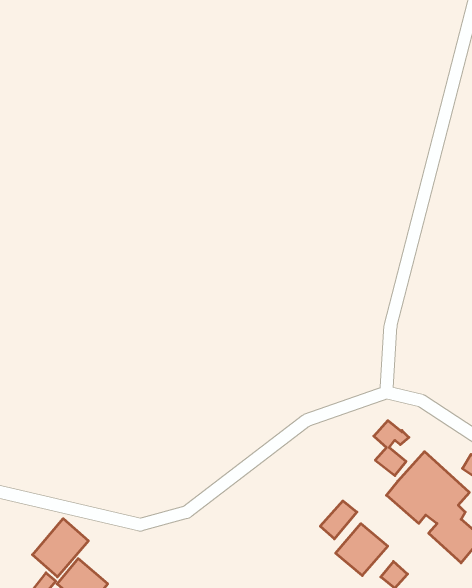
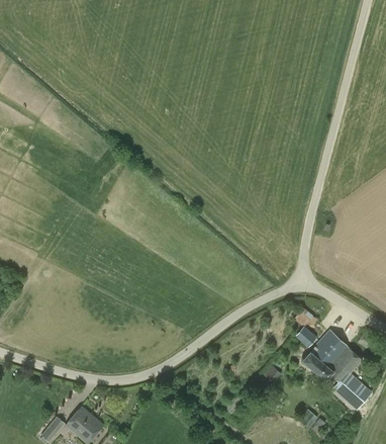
building: [32,519,88,577] -> none
building: [336,524,388,576] -> none

